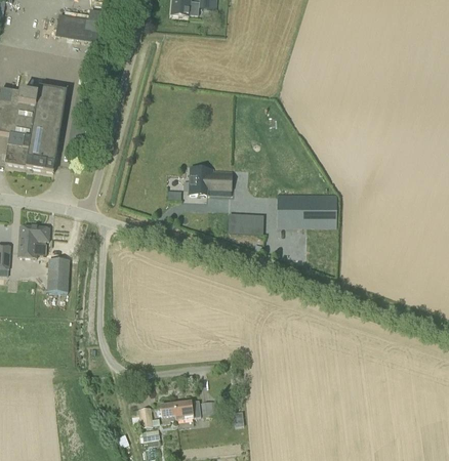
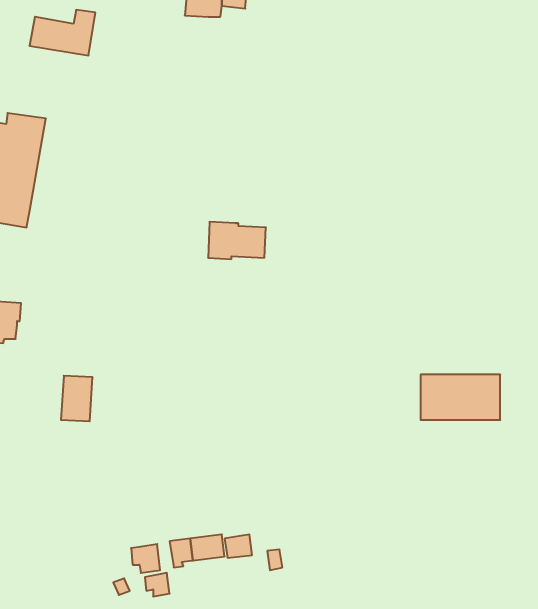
building: [277,194,336,227] -> [421,375,500,420]
building: [229,215,261,234] -> none
building: [46,258,70,292] -> [61,376,93,421]

